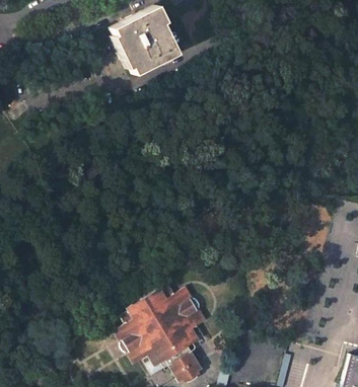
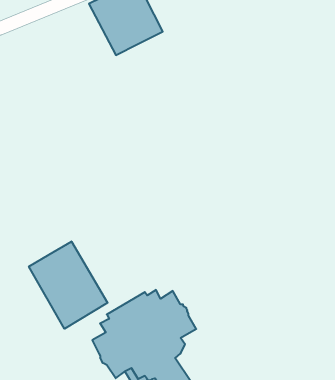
building: none -> [29,241,108,329]

